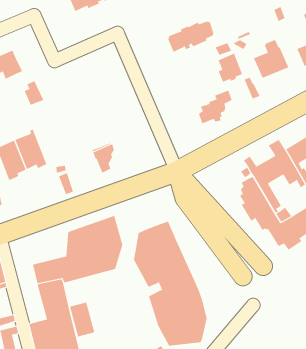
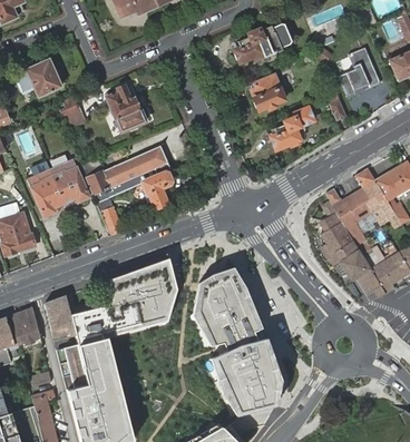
building: [218,53,243,82] -> [254,75,284,110]
building: none -> [106,84,145,130]
building: none -> [80,146,168,196]
building: none -> [45,296,76,338]
building: [69,302,95,337] -> [57,346,88,389]

